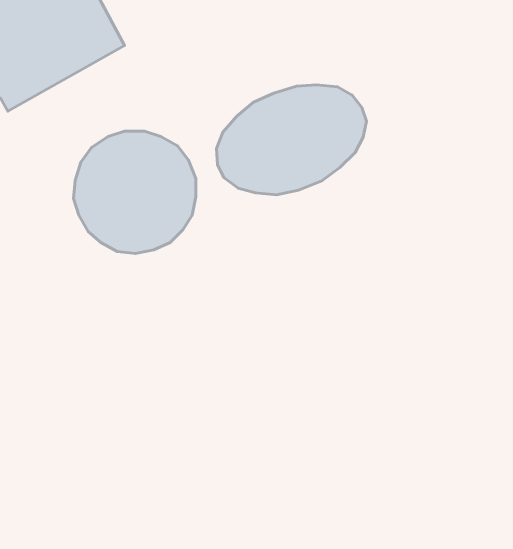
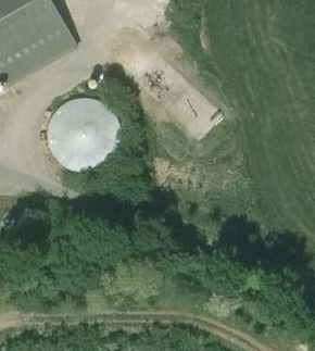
building: [216,85,366,195] -> none

